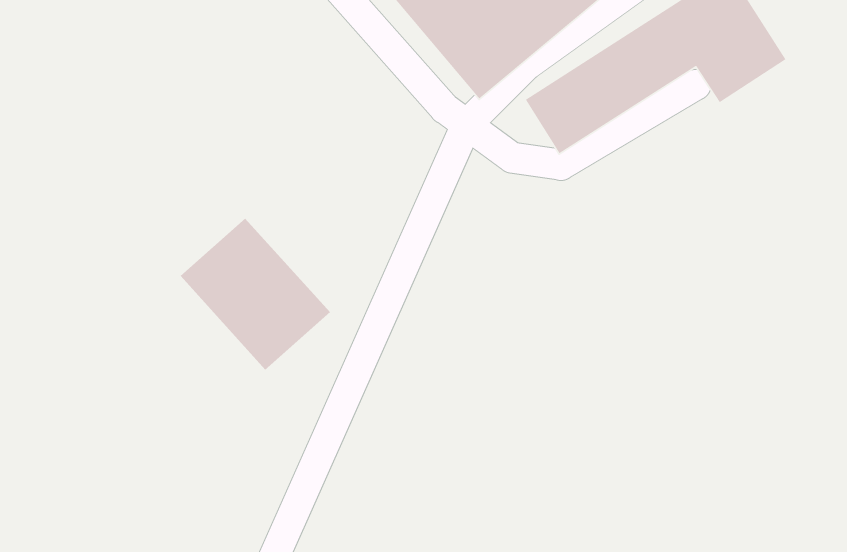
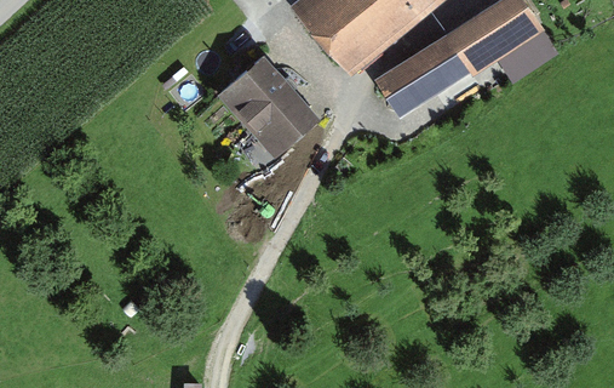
building: [180,218,331,370] -> [217,55,317,156]

